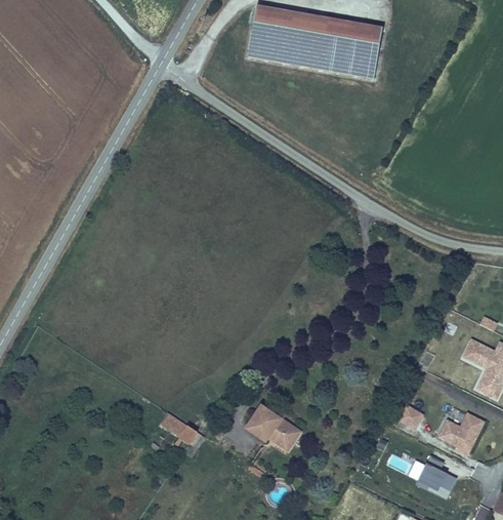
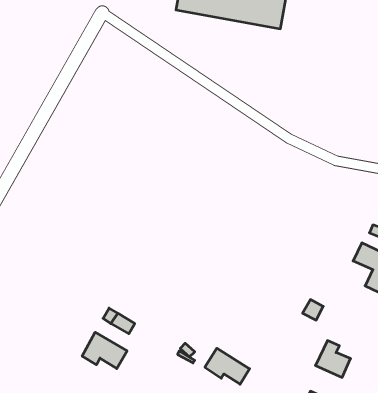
building: [246,406,299,449] -> [205,348,250,384]
building: [436,409,486,451] -> none
building: none -> [82,332,127,369]

